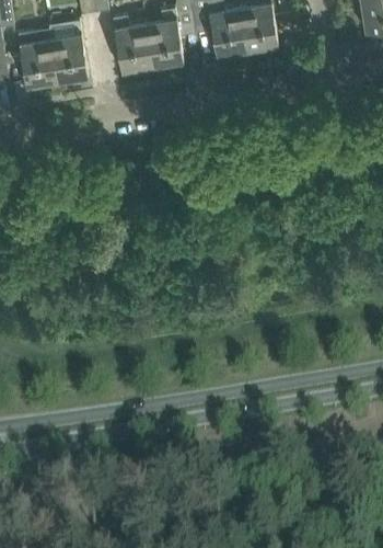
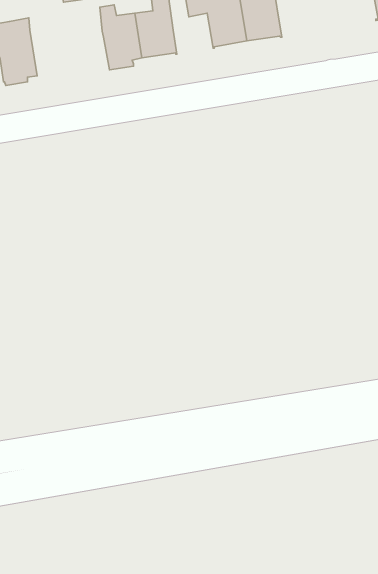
building: [47,22,88,82] -> none

